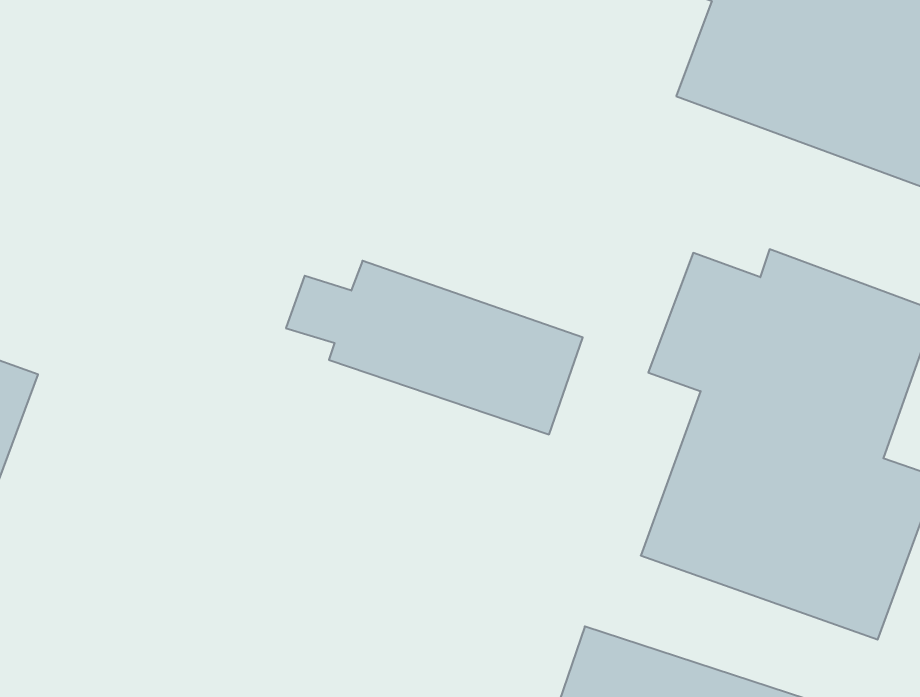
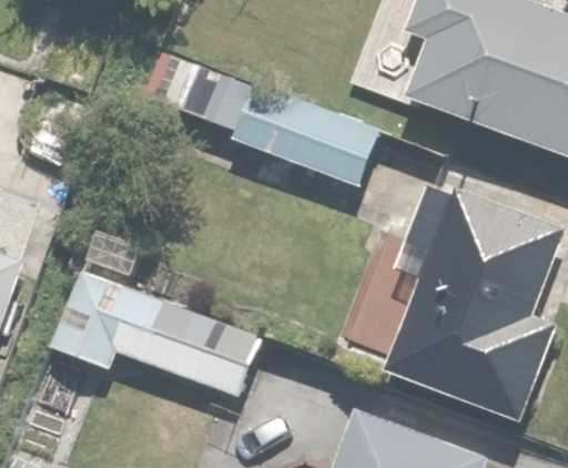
building: [286,261,583,434] -> [200,77,376,180]
building: none -> [50,269,262,394]

